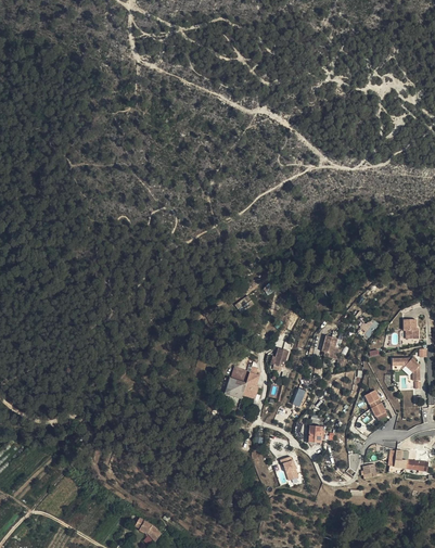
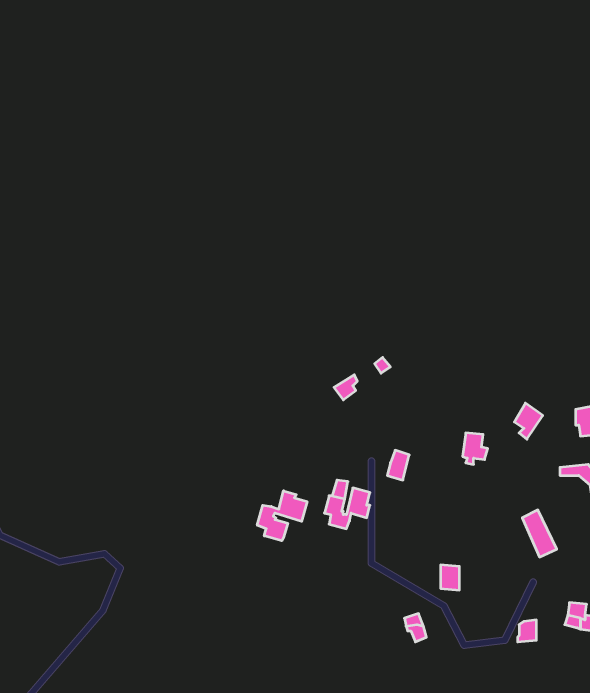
building: none -> [257,491,307,541]

